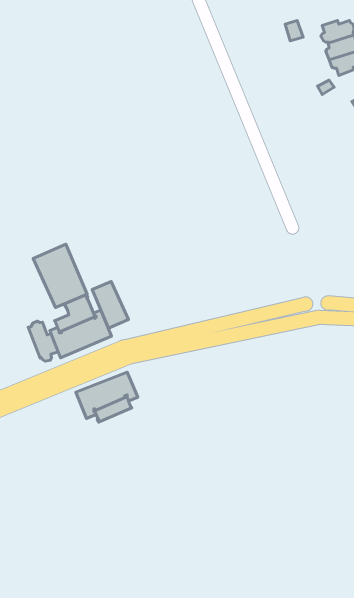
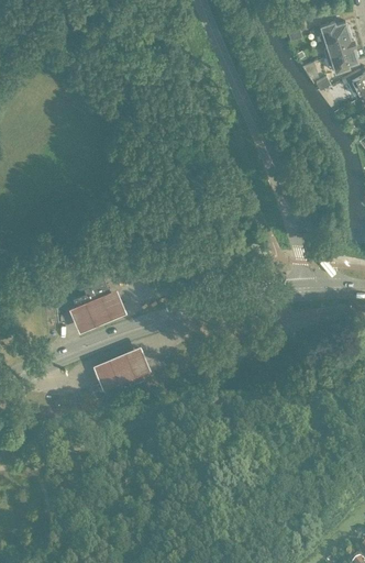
building: [33,244,87,308] -> none
building: [92,282,128,328] -> none
building: [28,321,58,361] -> none

